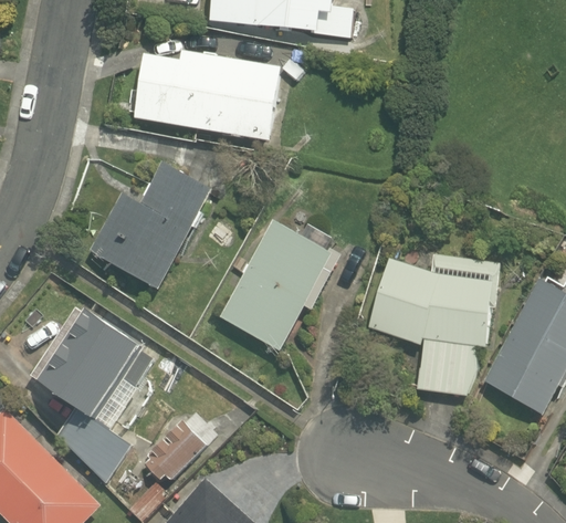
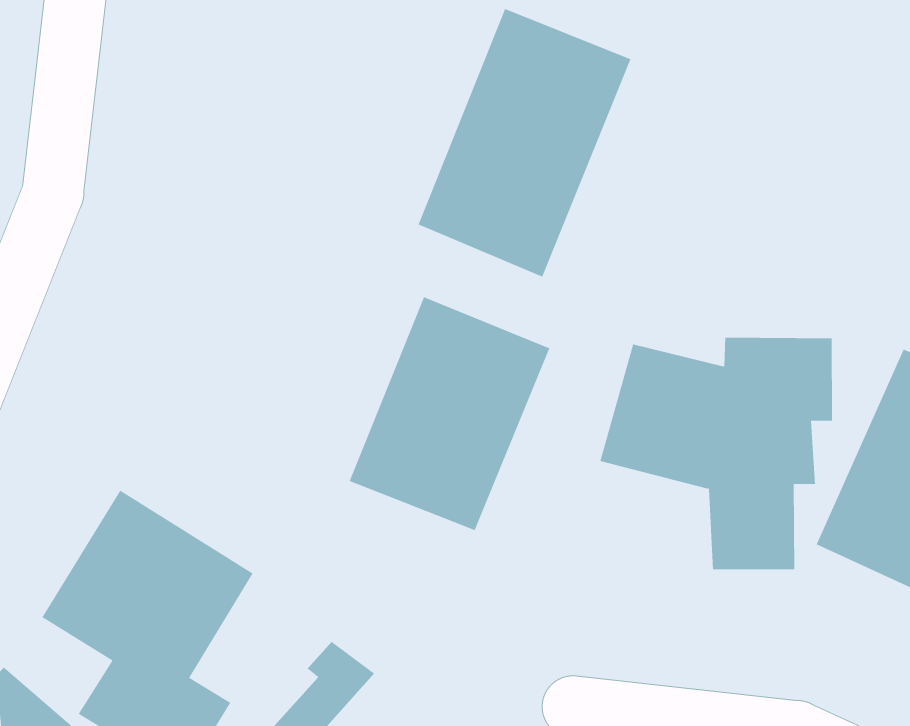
building: [128,49,279,139] -> none
building: none -> [418,8,631,277]
building: [91,164,216,290] -> none

